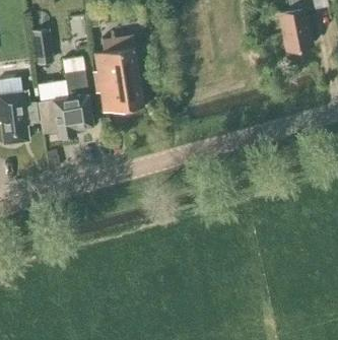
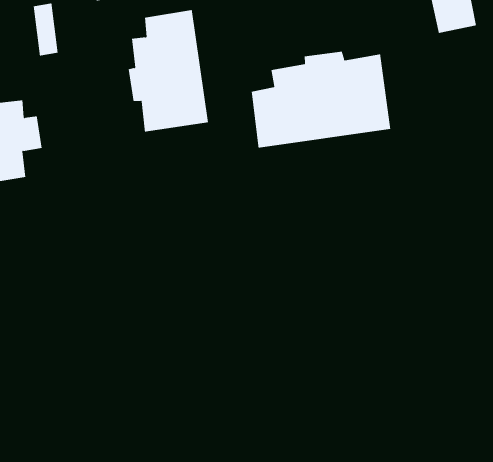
building: [38,58,91,137] -> none
building: none -> [251,51,391,148]

